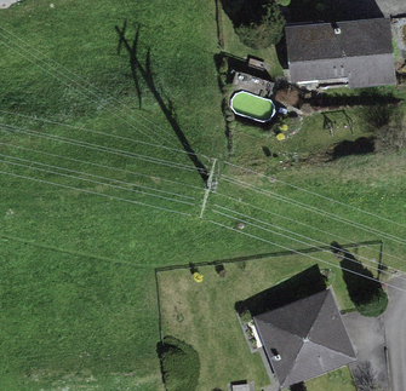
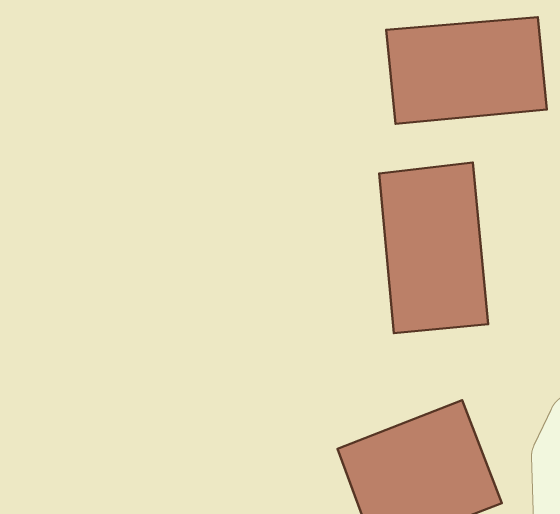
building: none -> [379,163,488,333]

